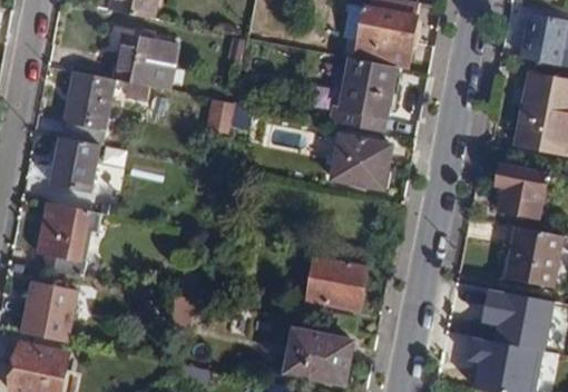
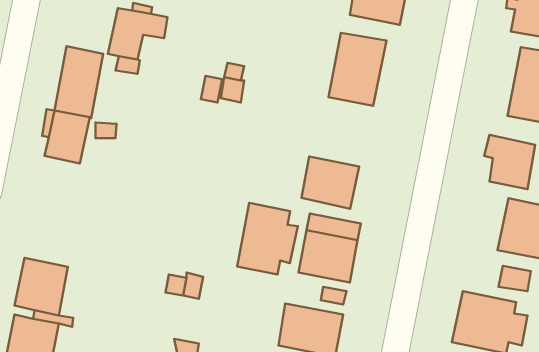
building: [333,136,391,188] -> [301,157,359,209]
building: [35,204,92,265] -> none
building: none -> [237,203,298,274]

